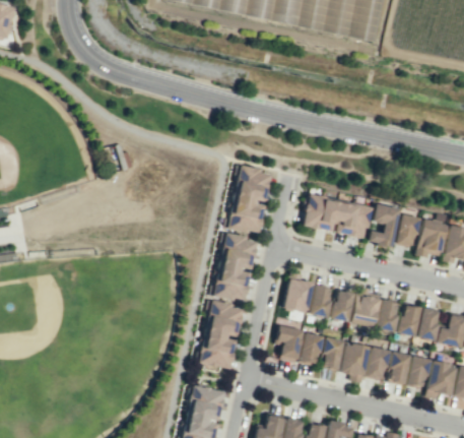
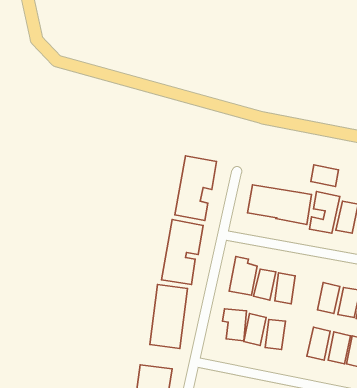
building: none -> [311,165,338,187]
building: [353,287,381,327] -> none
building: [341,342,371,383] -> none

